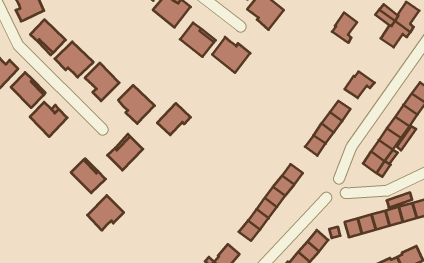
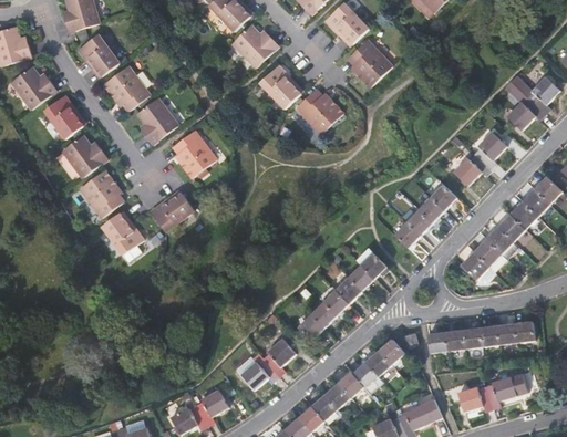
building: [332,13,357,43] -> [472,133,504,170]
building: [157,103,191,135] -> none
building: none -> [81,168,124,217]
building: [87,195,124,230] -> none

